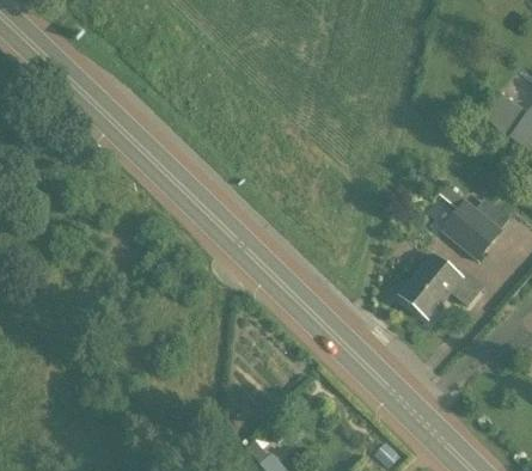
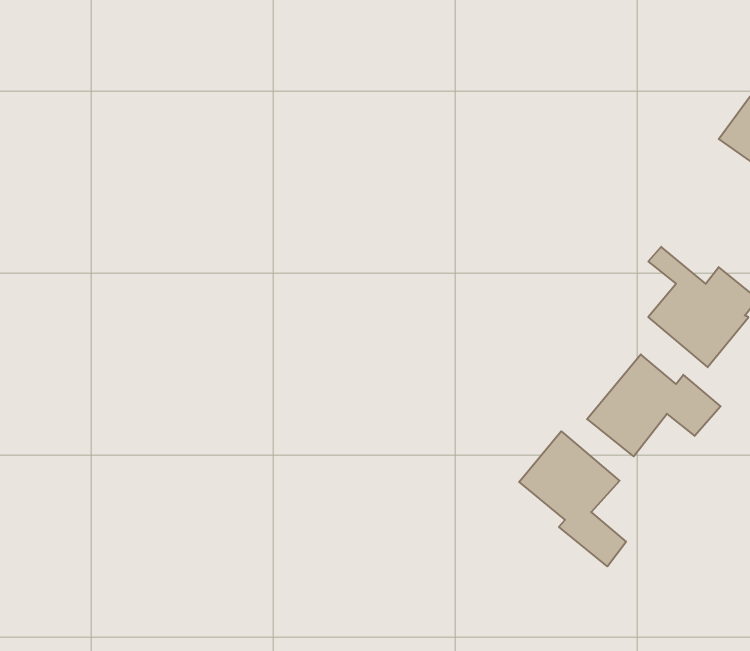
building: none -> [519,431,626,566]

